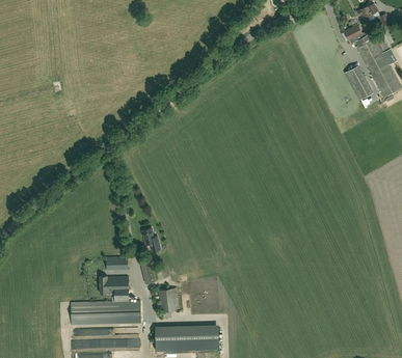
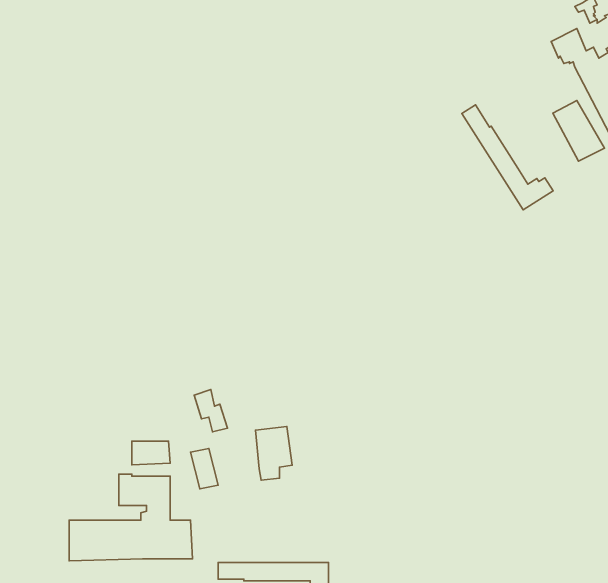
building: none -> [462,105,553,210]
building: [159,288,180,319] -> [256,427,292,480]

